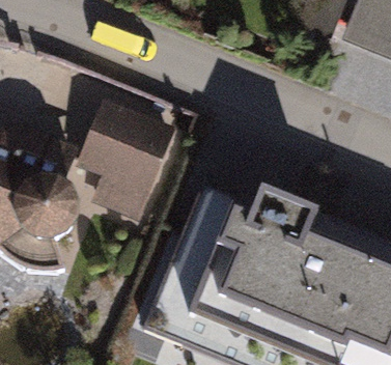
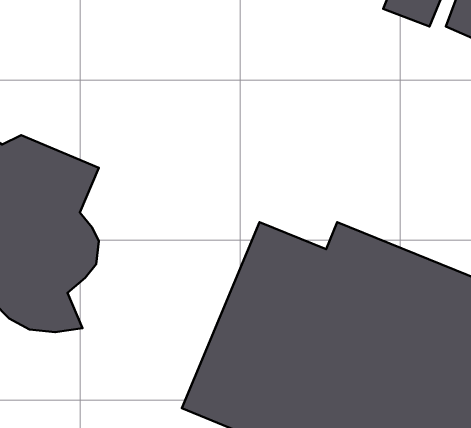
building: [76,91,176,213] -> none

